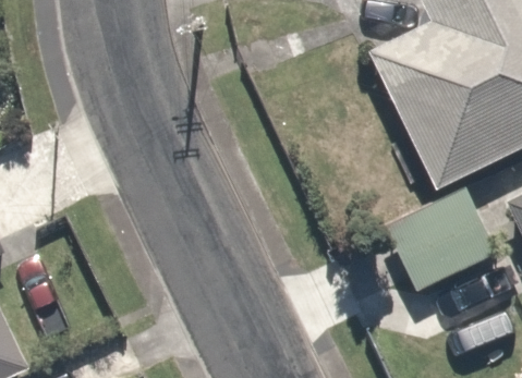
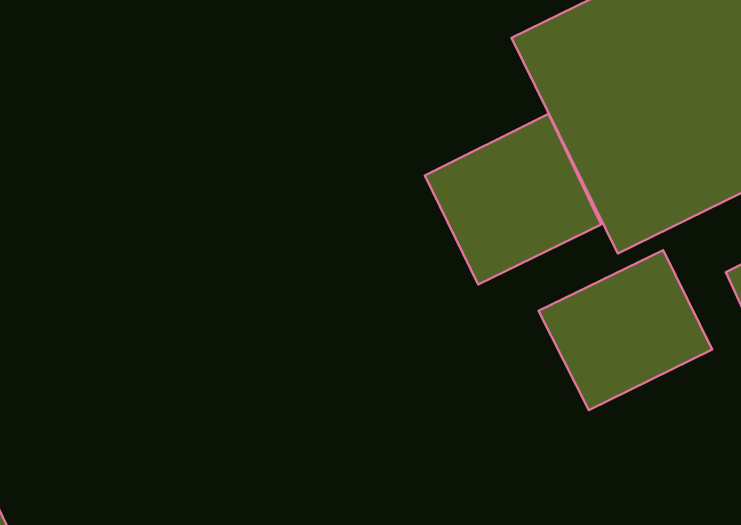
building: none -> [425,114,601,284]

